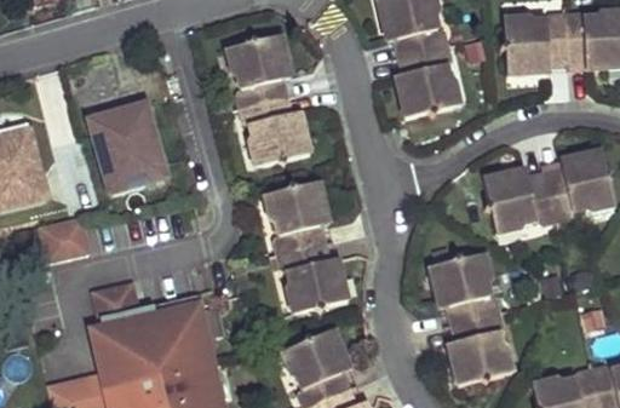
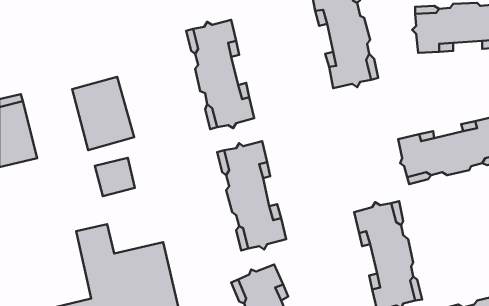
building: [41,214,90,260] -> [95,158,135,196]

